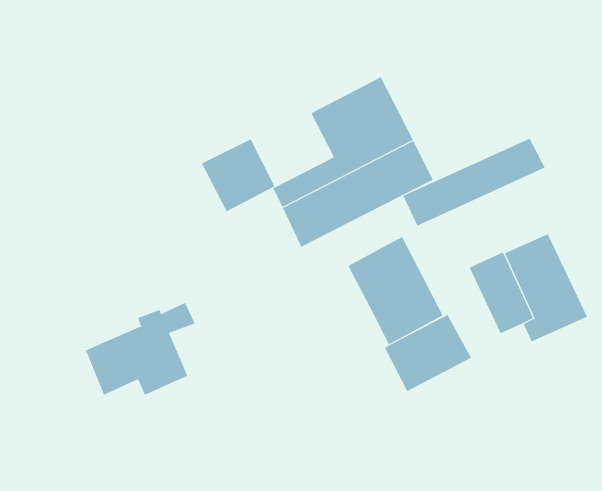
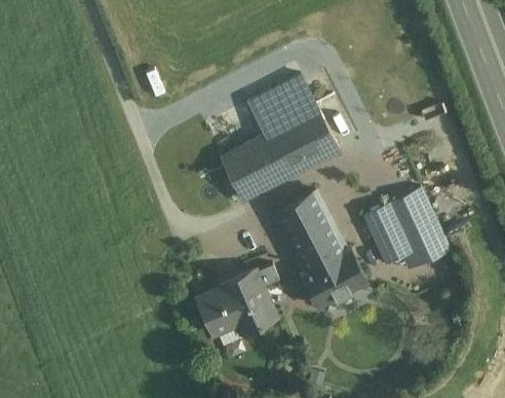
building: [402,138,545,227] -> none
building: [201,138,275,212] -> none
building: [85,302,195,395] -> [198,263,278,331]

